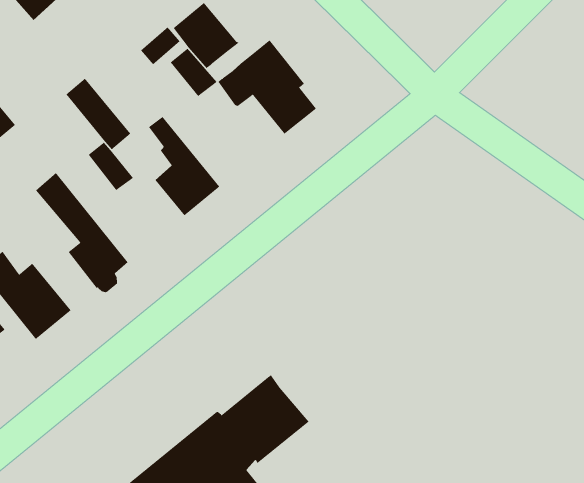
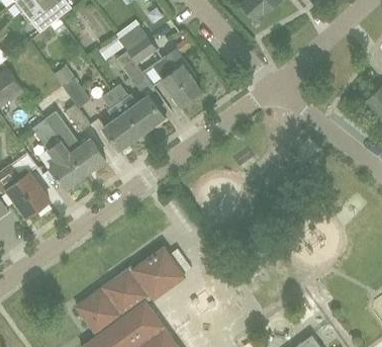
building: none -> [109,84,164,134]
building: none -> [44,113,104,175]

